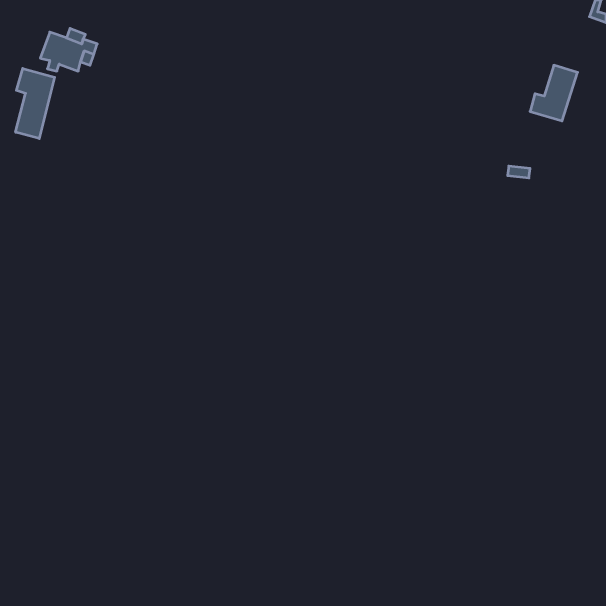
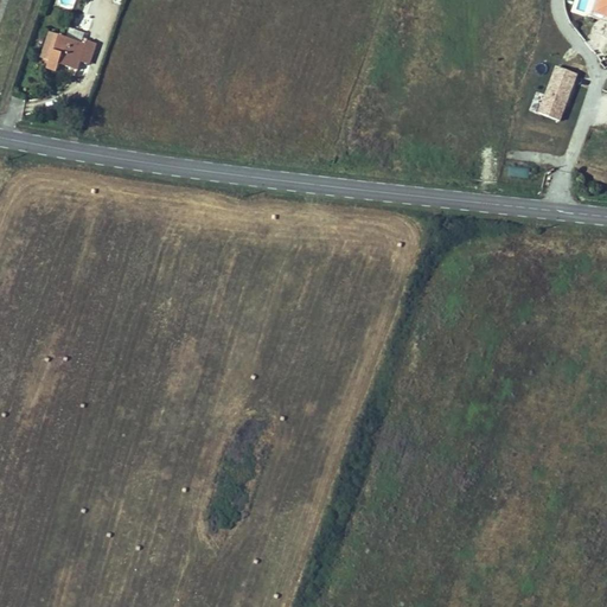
building: [16,68,55,139] -> none

